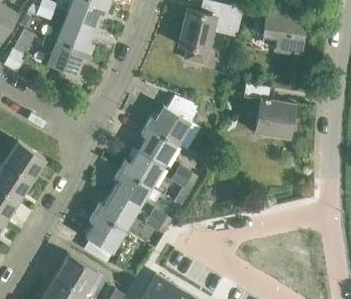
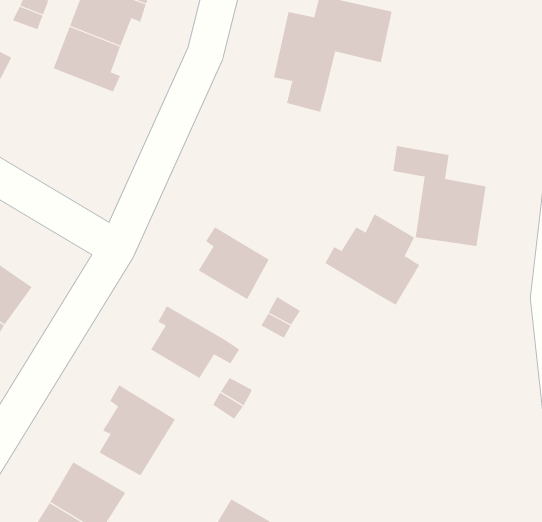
building: [261,8,303,53] -> none
building: [41,36,90,76] -> none
building: [145,100,197,150] -> [325,214,420,305]
building: [119,151,163,188] -> none
building: [93,194,137,232] -> none

